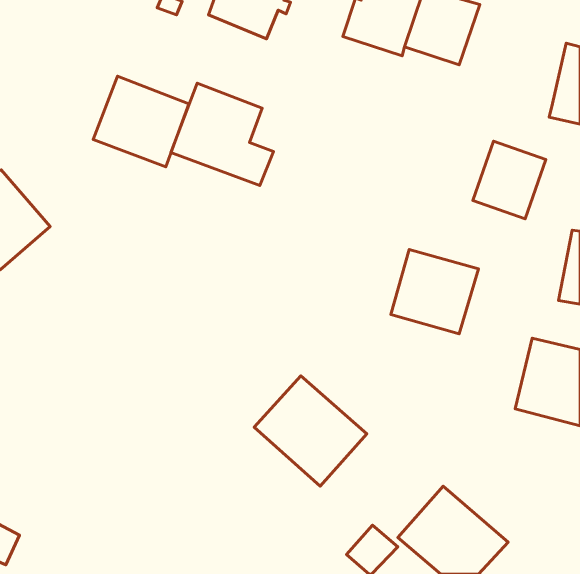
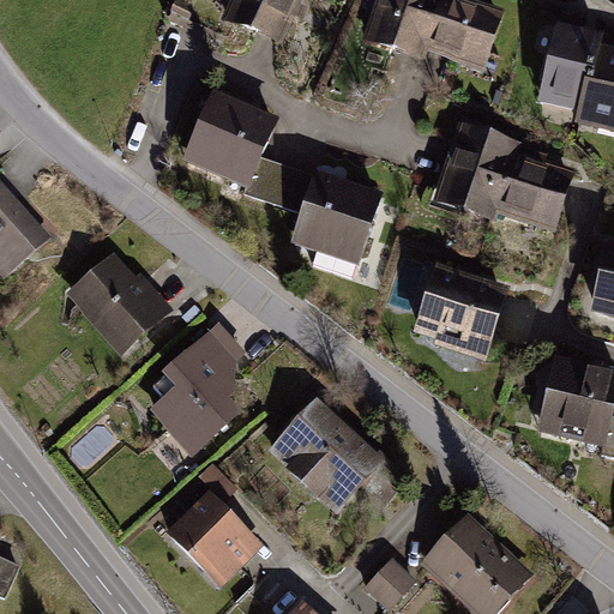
building: none -> [538,23,600,109]
building: [93,76,189,167] -> none
building: none -> [431,119,522,219]
building: none -> [273,159,379,264]
building: none -> [66,252,170,356]
building: none -> [152,323,246,458]
building: none -> [163,489,264,590]

